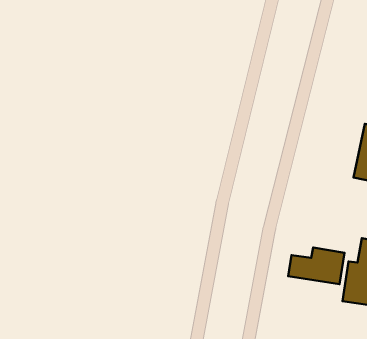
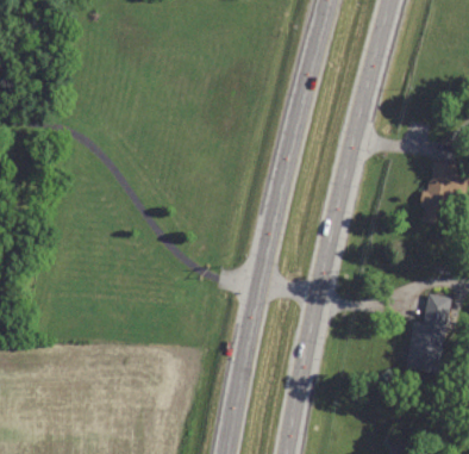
building: [288,248,345,284] -> none

